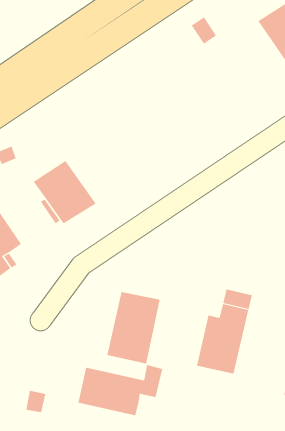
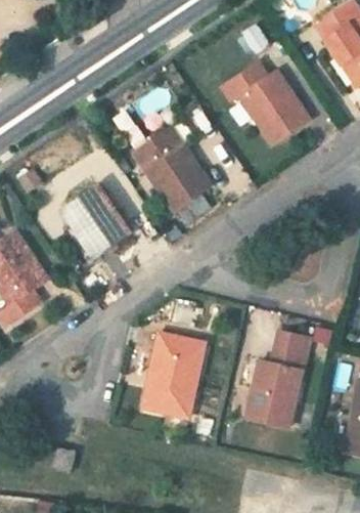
building: none -> [223,62,310,145]
building: none -> [133,128,212,211]
building: [78,364,163,416] -> none

